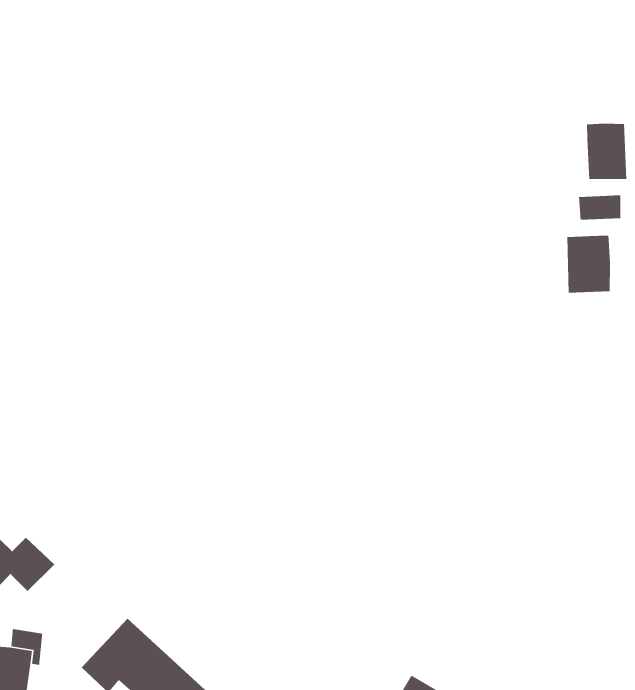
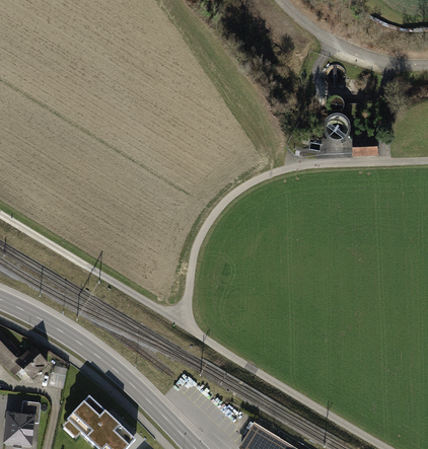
building: [586,123,627,180] -> none
building: [567,235,611,293] -> none

